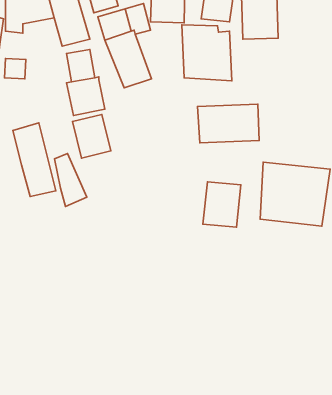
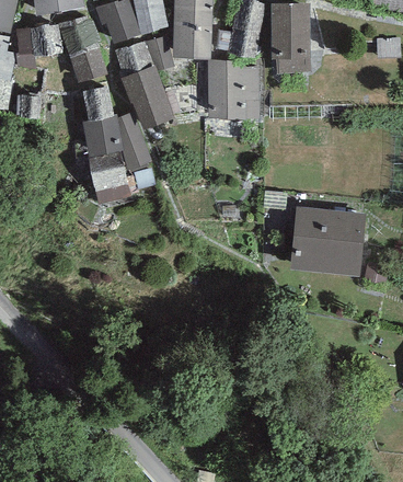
building: [197,104,259,143] -> none
building: [13,123,56,197] -> none
building: [54,154,87,206] -> [117,113,152,170]
building: [203,182,241,227] -> none

